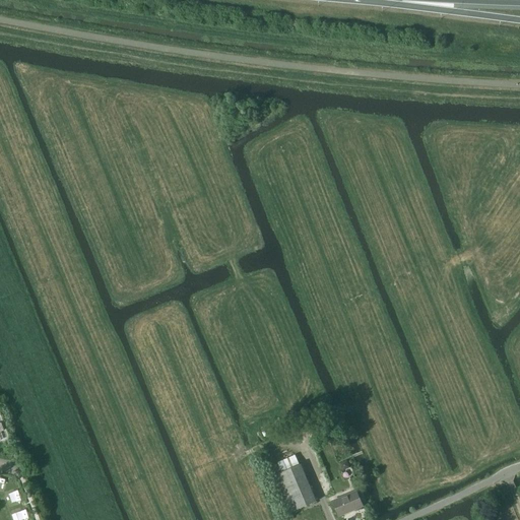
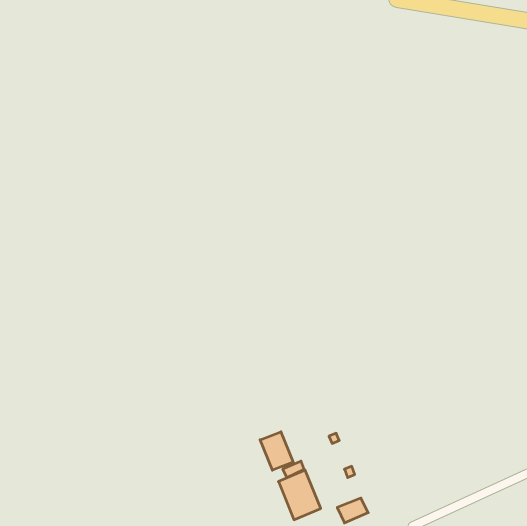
building: none -> [260,432,293,470]

